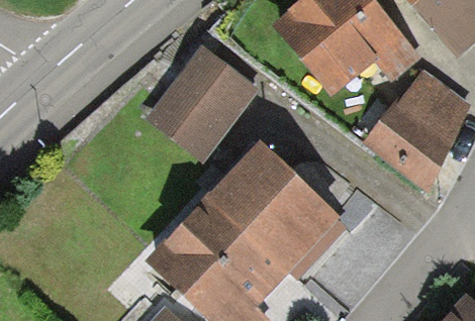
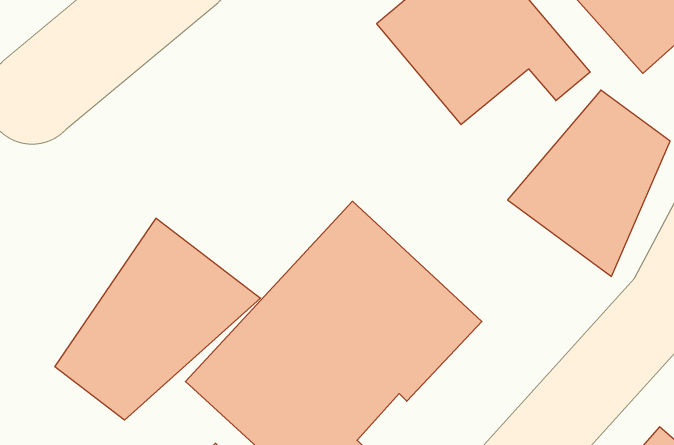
building: [145,46,256,160] -> none
building: none -> [55,218,261,420]

